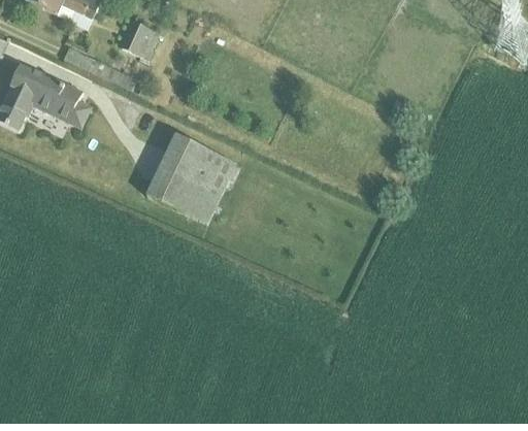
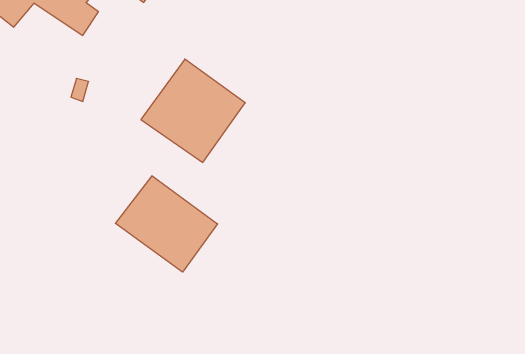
building: none -> [115,176,218,272]

